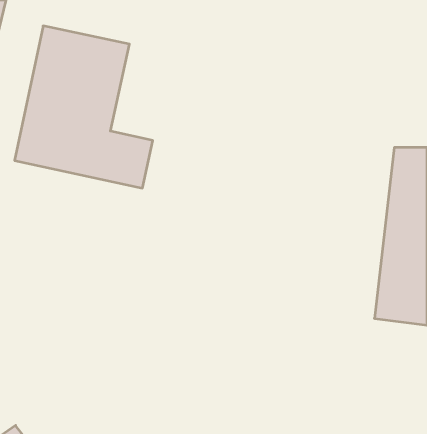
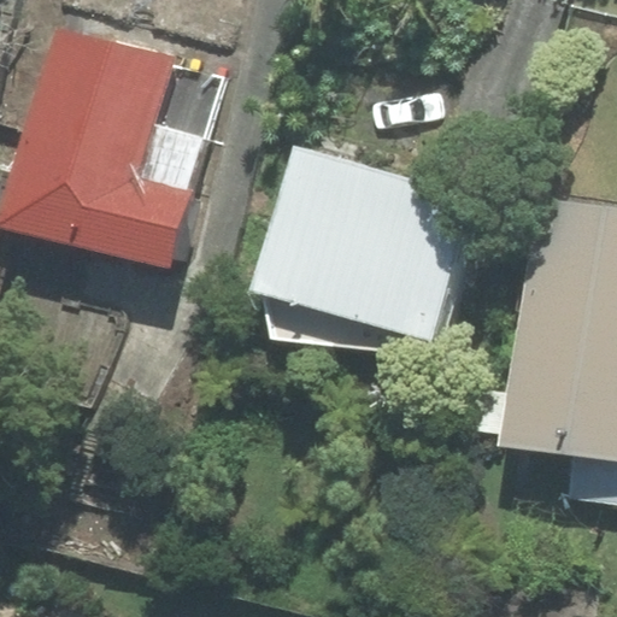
building: none -> [281,151,490,343]

